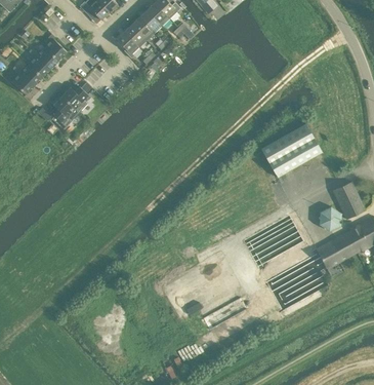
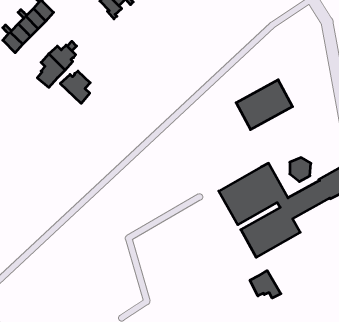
building: none -> [60,71,90,103]
building: [333,181,365,219] -> none
building: none -> [250,271,281,298]

